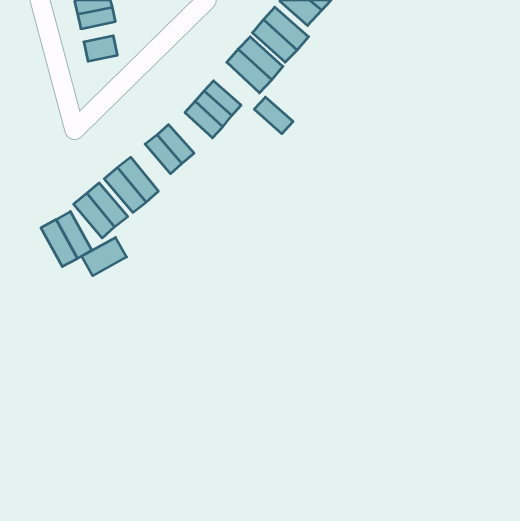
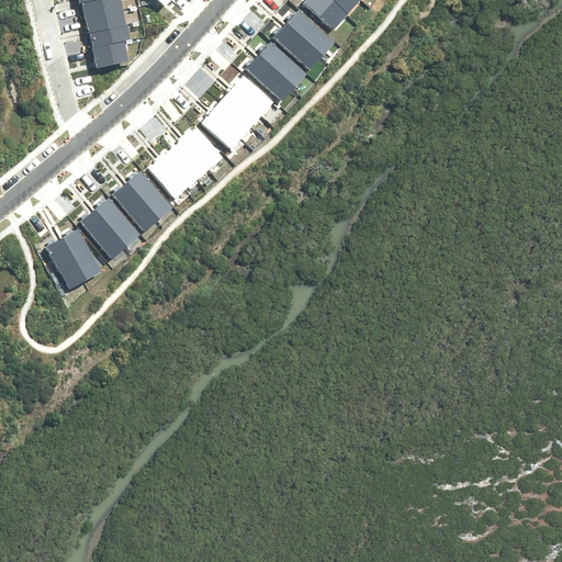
building: none -> [91,23,131,46]
building: [254,97,293,134] -> [232,75,273,114]
building: none -> [183,124,223,166]
building: none -> [146,156,186,199]
building: [82,237,127,276] -> none

